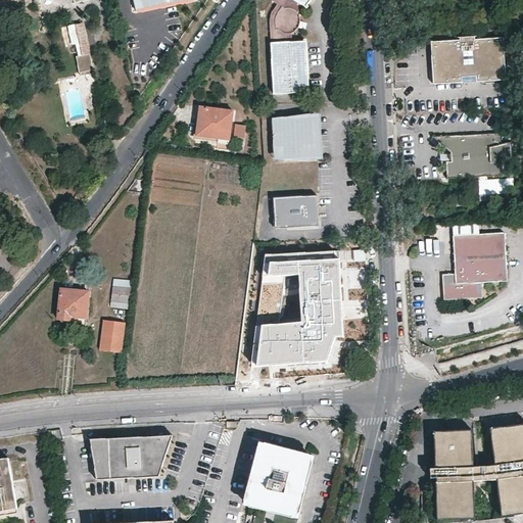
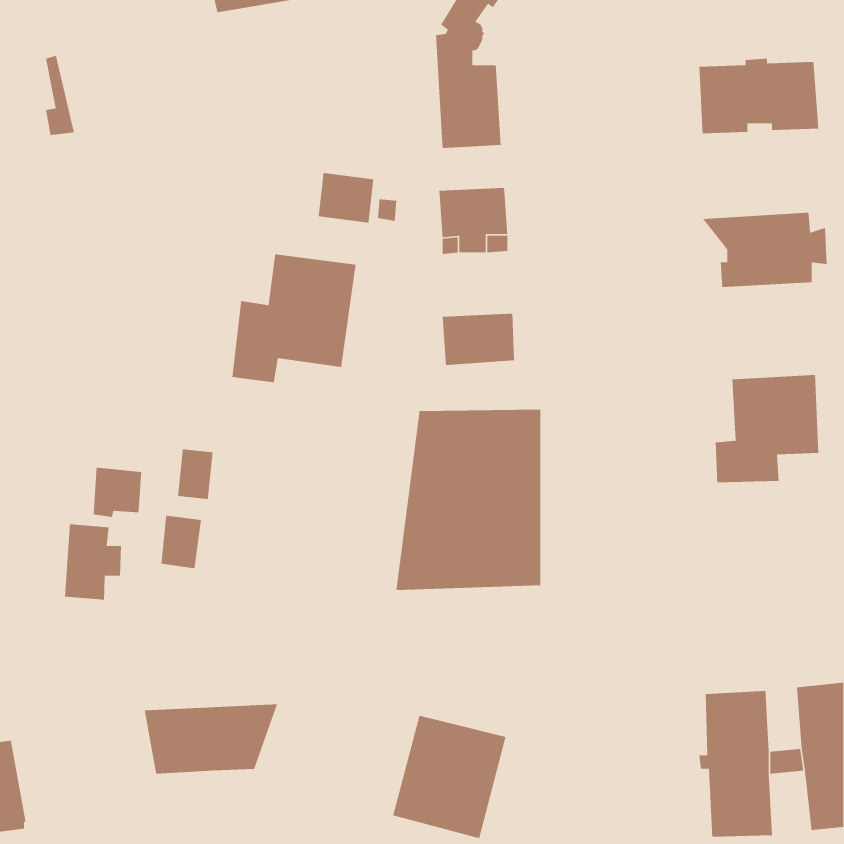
building: [75,21,93,72] -> [45,55,75,136]
building: none -> [232,254,357,383]
building: none -> [64,524,122,600]

